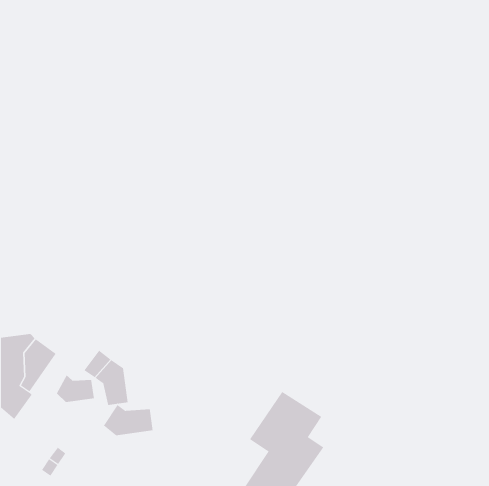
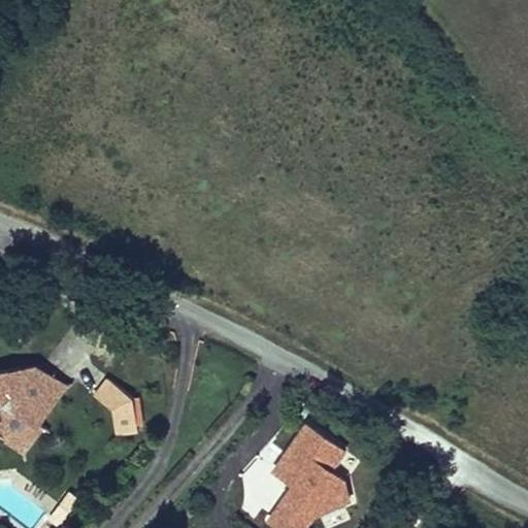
building: [56,375,94,403] -> none
building: [103,404,153,436] -> none

